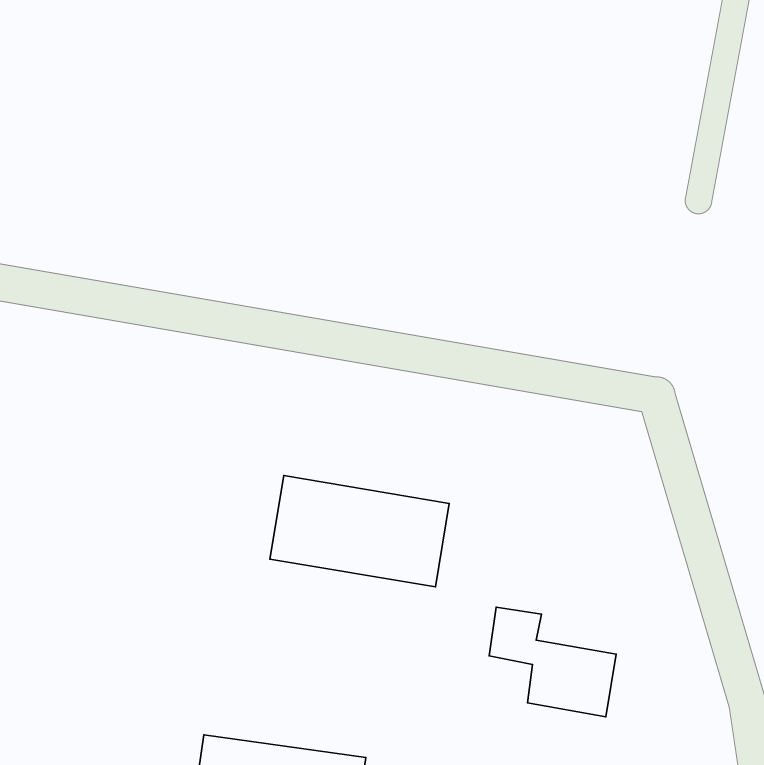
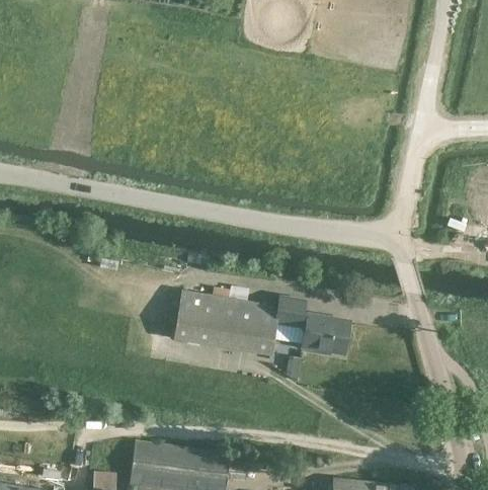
building: [489,607,616,717] -> [276,296,350,359]

